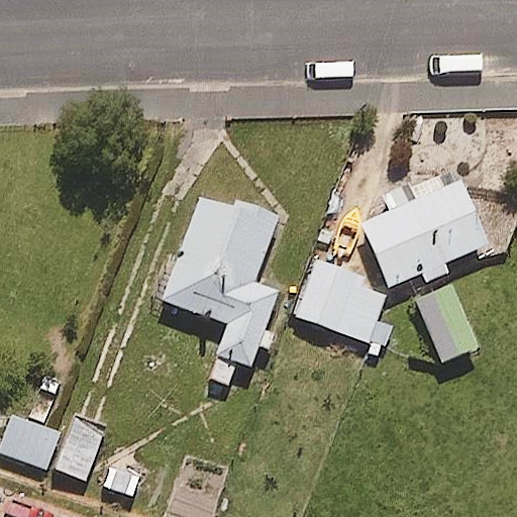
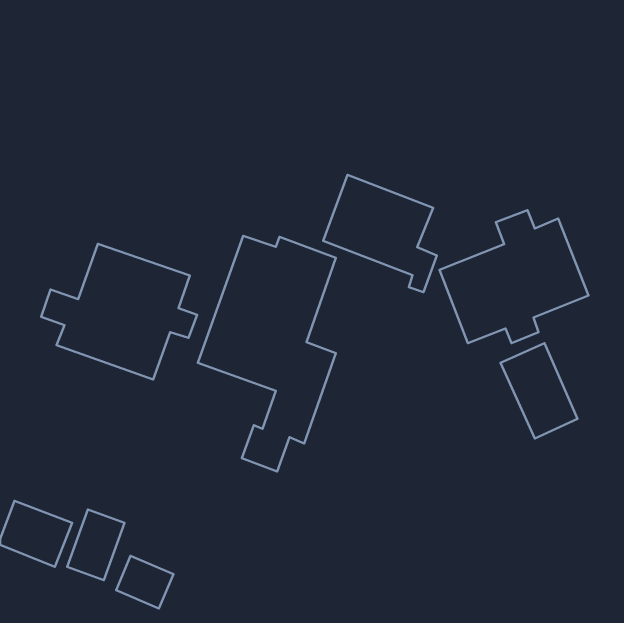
building: none -> [41,244,197,379]
building: [297,261,391,357] -> [323,175,437,292]

